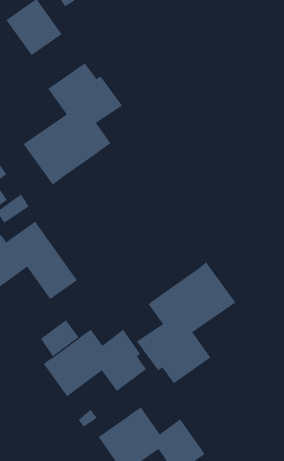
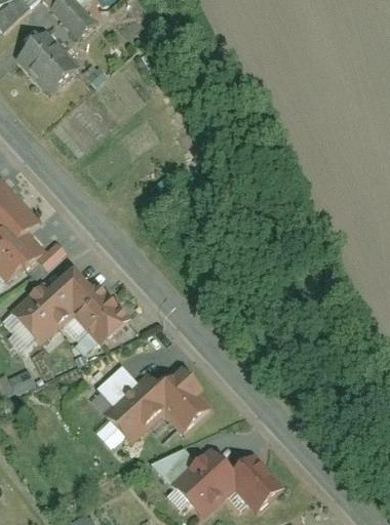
building: [23,62,123,185] -> none
building: [136,261,236,384] -> none

